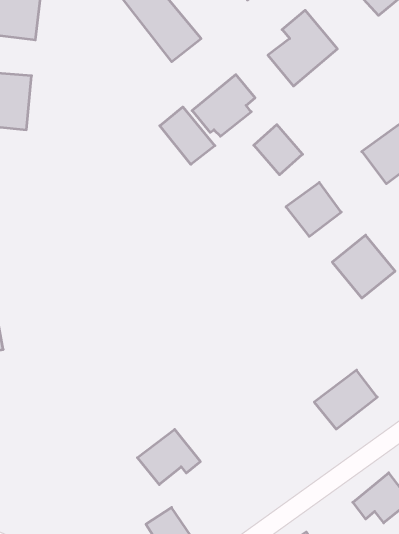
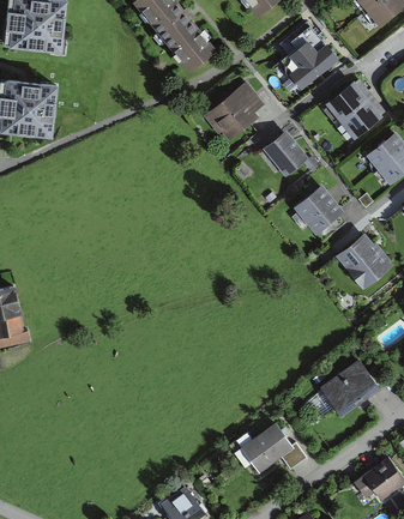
building: none -> [325,83,381,139]
building: [160,107,215,164] -> none
building: [137,429,200,485] -> [239,423,297,475]

